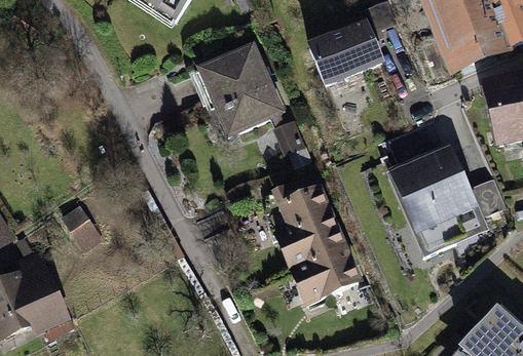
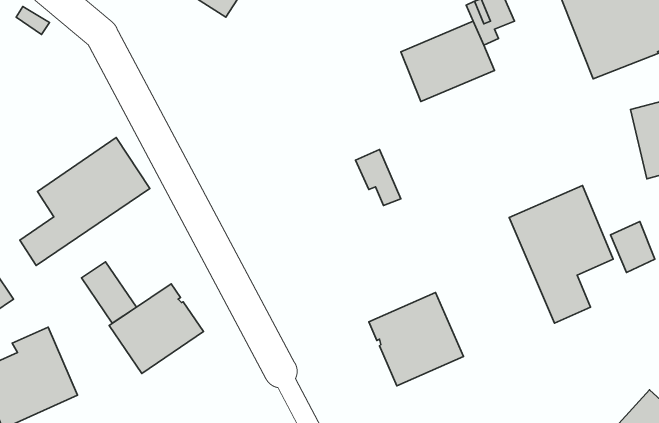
building: [192,45,282,130] -> none
building: none -> [20,138,150,265]
building: [265,179,337,252] -> none
building: none -> [109,284,204,373]

